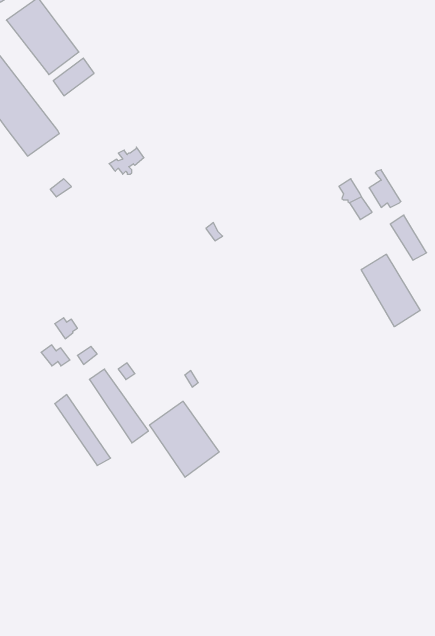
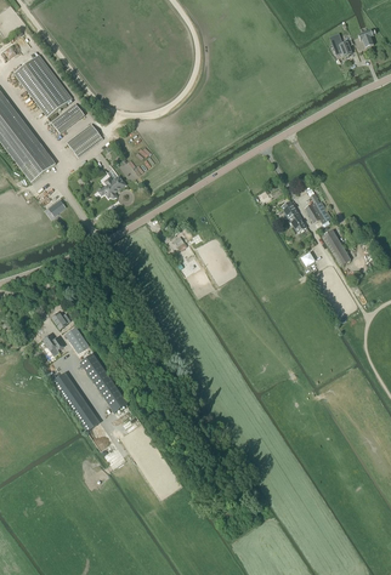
building: none -> [67,123,102,155]
building: [361,254,420,327] -> none
building: [150,401,219,477] -> none

